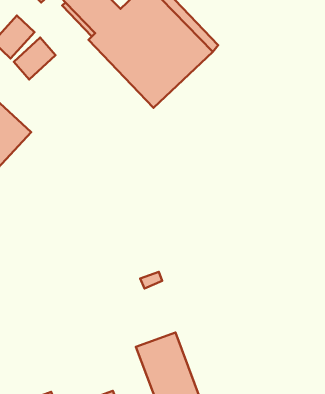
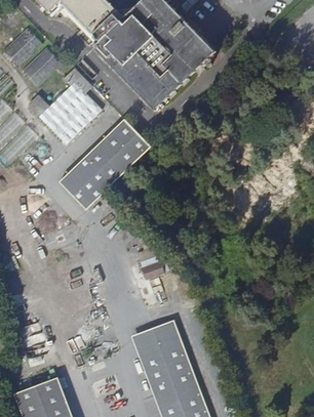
building: none -> [28,76,101,143]
building: none -> [60,120,151,210]

